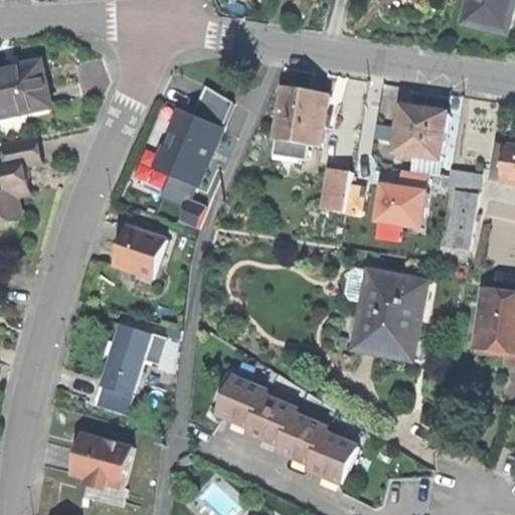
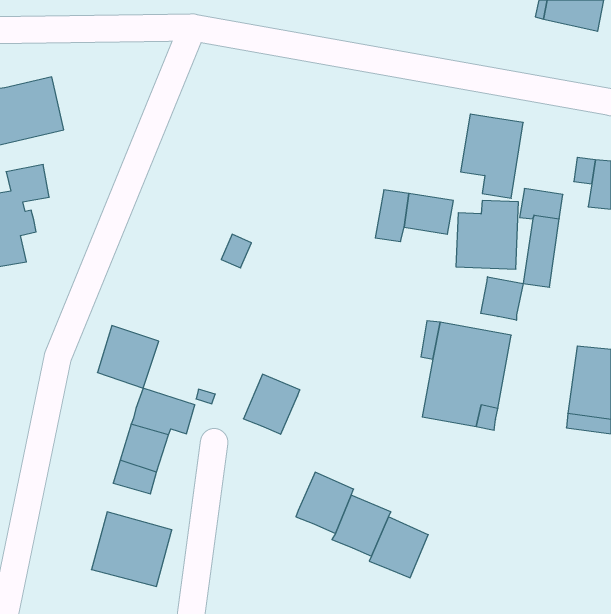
building: [273,83,327,153] -> none
building: [136,88,233,189] -> none
building: [116,226,167,279] -> [97,326,159,388]
building: none -> [481,277,523,320]
building: [218,377,266,427] -> [243,374,300,434]

